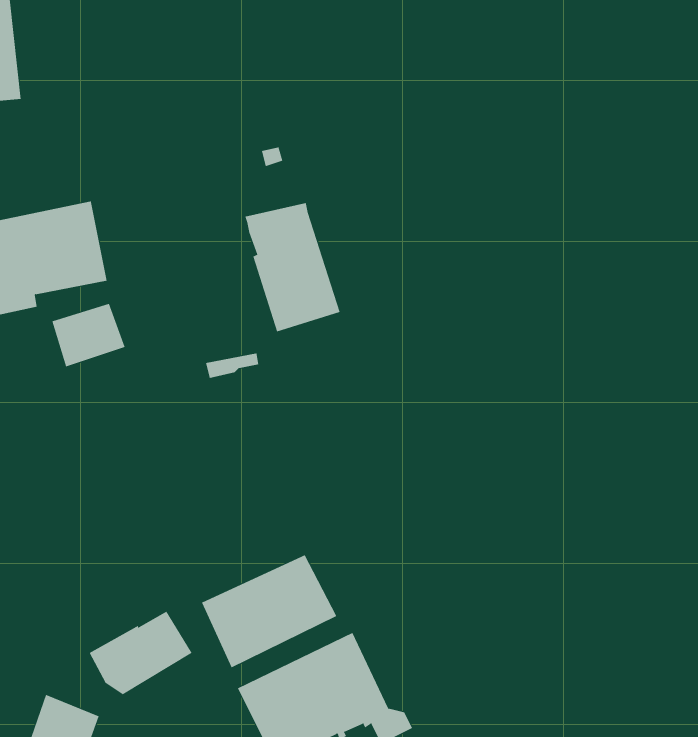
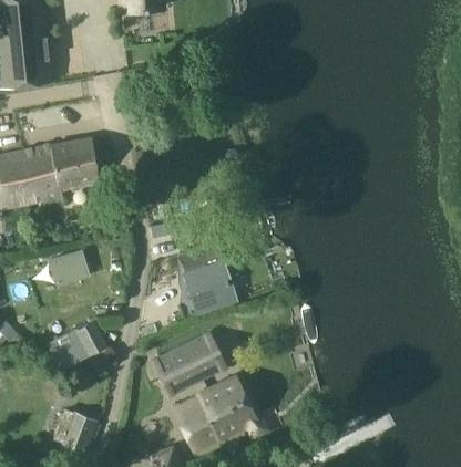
building: [245,202,340,332] -> [181,241,234,313]
building: [52,303,125,367] -> [49,249,90,284]
building: [89,611,193,695] -> [49,326,106,373]

